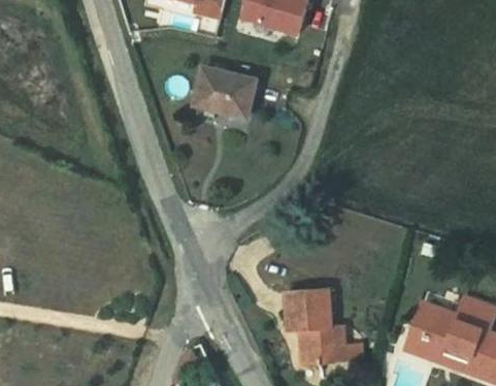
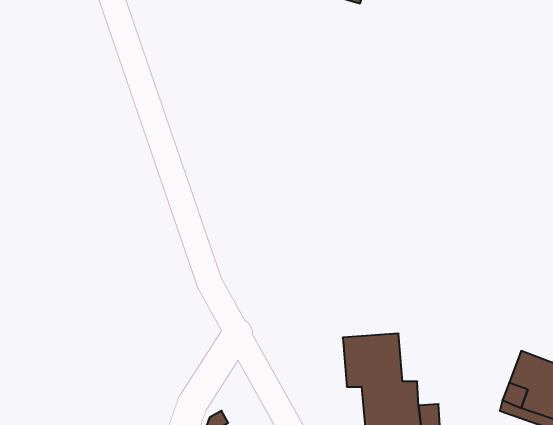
building: [194,68,255,117] -> none

